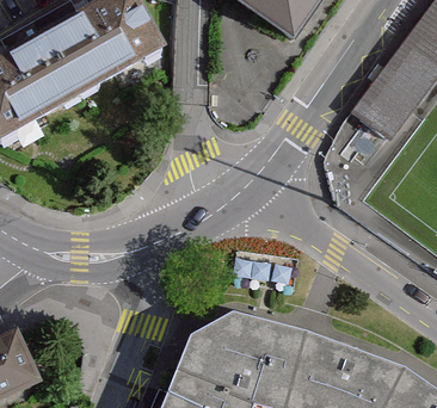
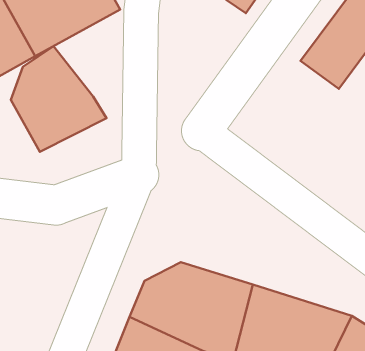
building: none -> [11,46,106,152]

